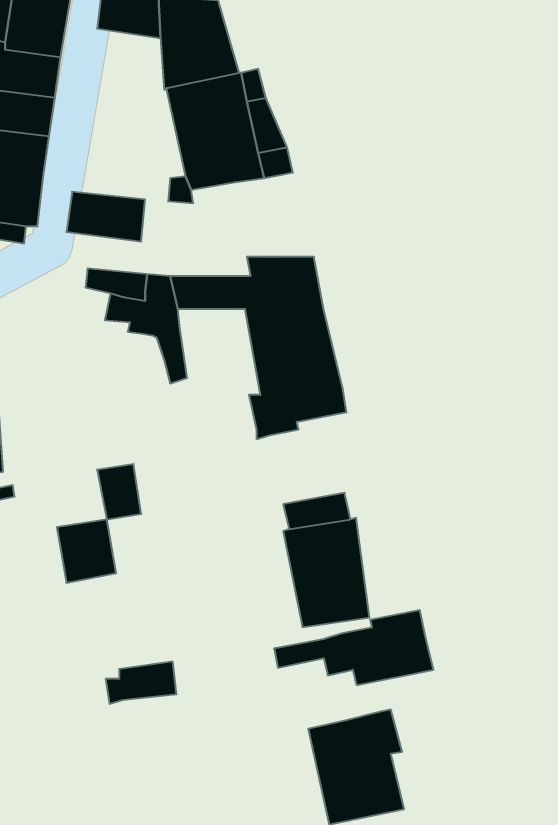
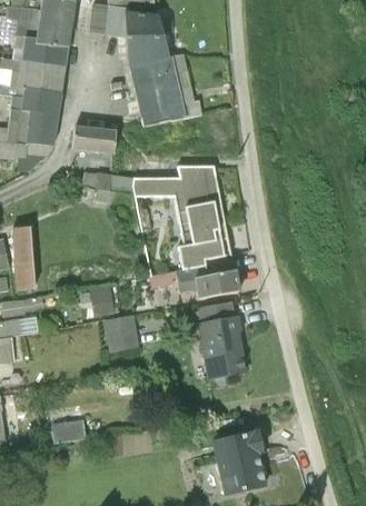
building: [57,520,116,583] -> [105,315,139,351]
building: [274,610,433,685] -> [149,254,241,297]
building: [106,662,177,704] -> [44,419,86,444]

